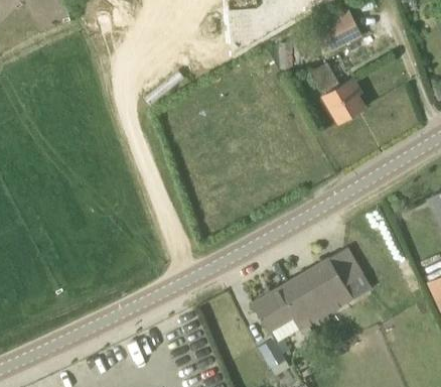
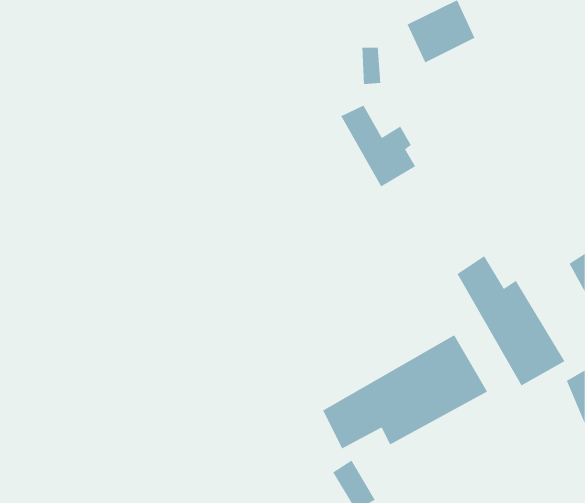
building: [309,63,363,123] -> [340,104,416,188]
building: none -> [456,255,566,387]

